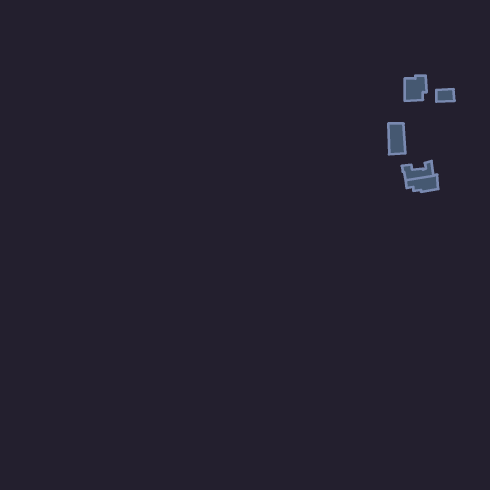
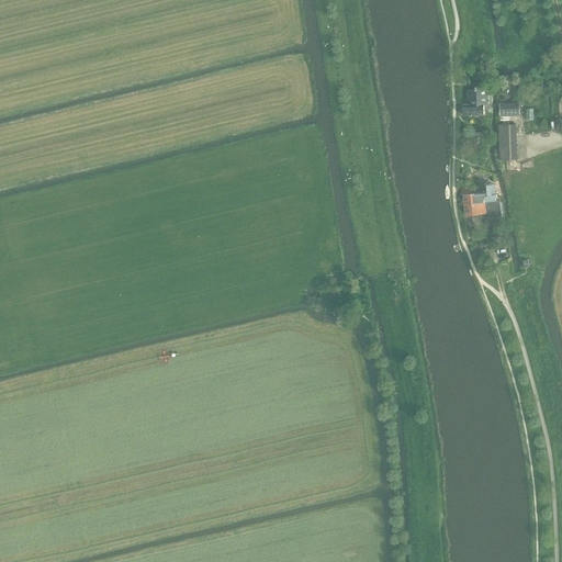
building: [388,124,405,154] -> [498,125,518,160]

